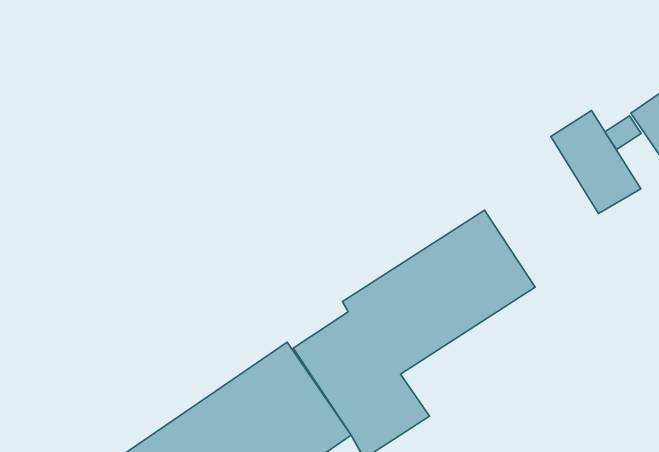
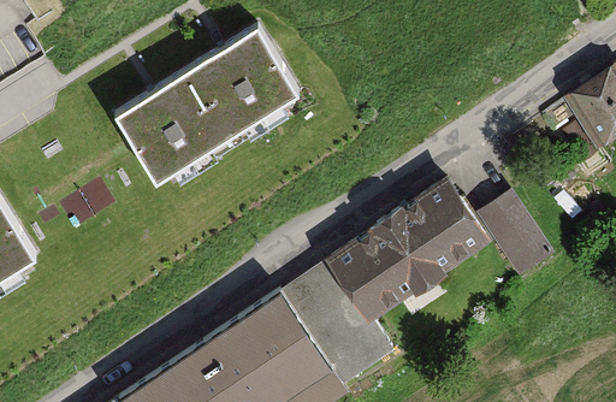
building: none -> [116,28,295,182]
building: [551,111,641,214] -> [479,190,553,276]

